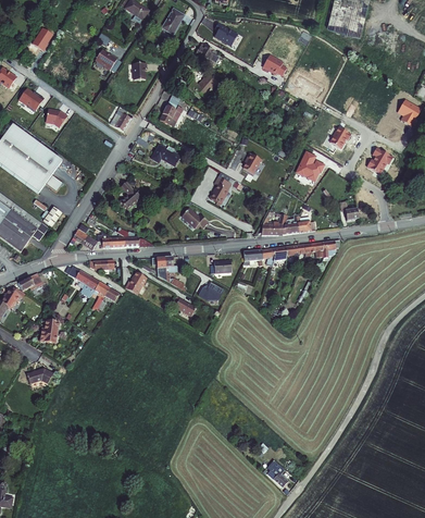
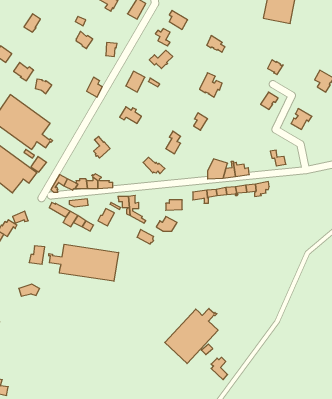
building: [295,149,323,180] -> [200,73,222,97]
building: none -> [49,244,119,281]
building: none -> [165,308,218,364]

